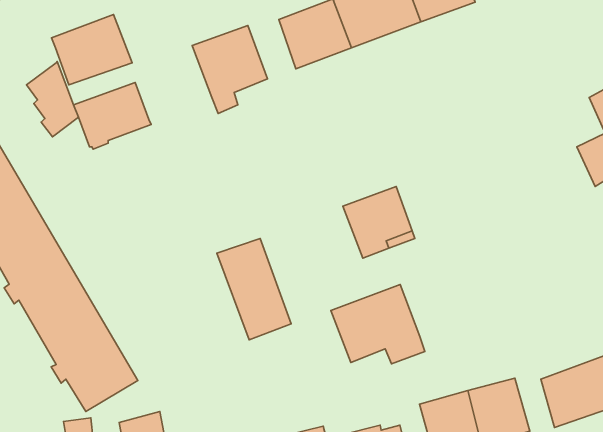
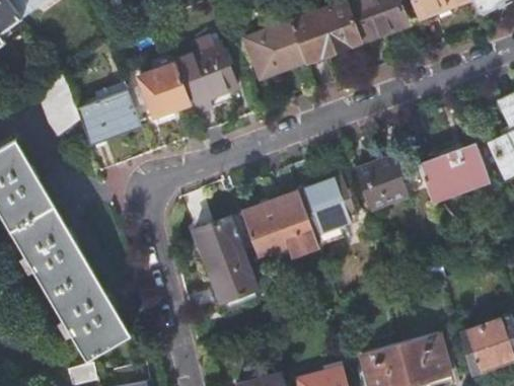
building: [52,14,132,85] -> [124,63,190,121]
building: none -> [418,145,488,202]
building: none -> [355,156,408,209]
building: [331,285,425,364] -> [240,191,317,256]

